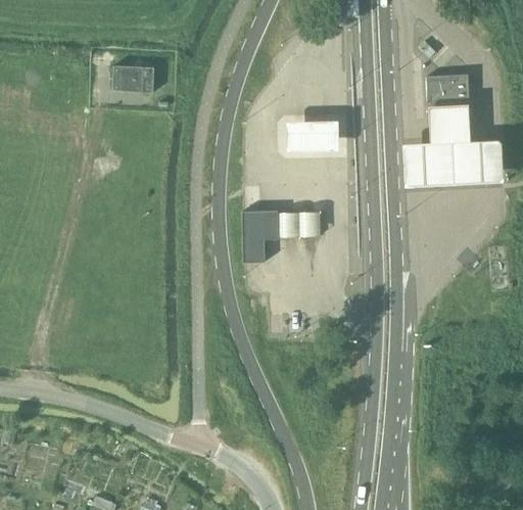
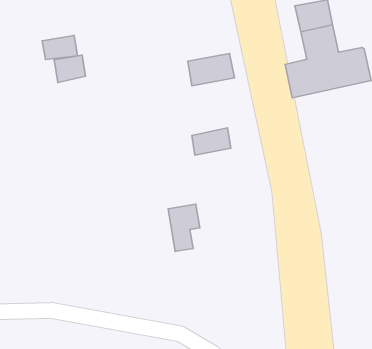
building: none -> [54,55,86,82]
building: [241,207,276,261] -> [168,204,200,251]

